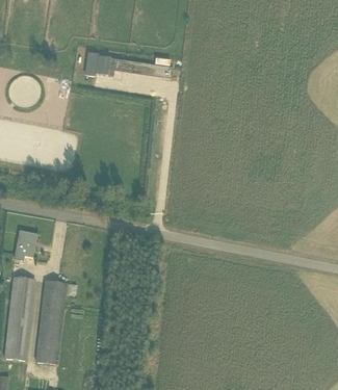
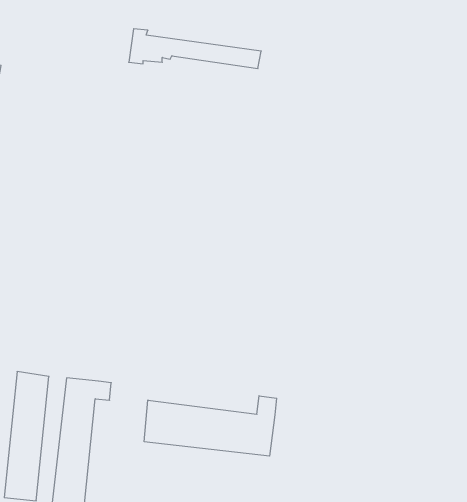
building: [14,230,36,257] -> none
building: none -> [144,396,277,456]

